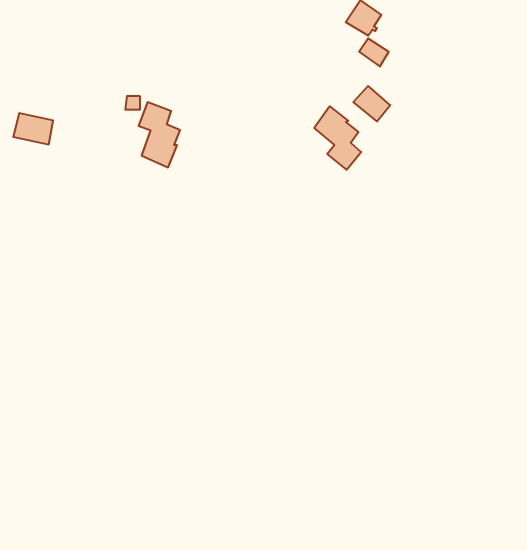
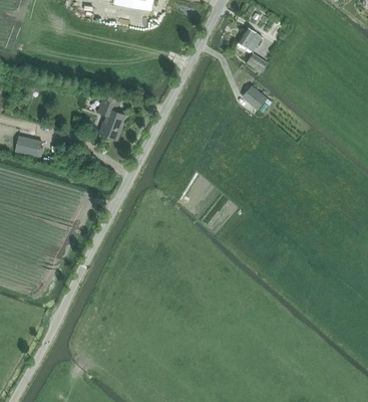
building: [314,106,361,170] -> none
building: [13,113,53,144] -> [14,136,41,157]

